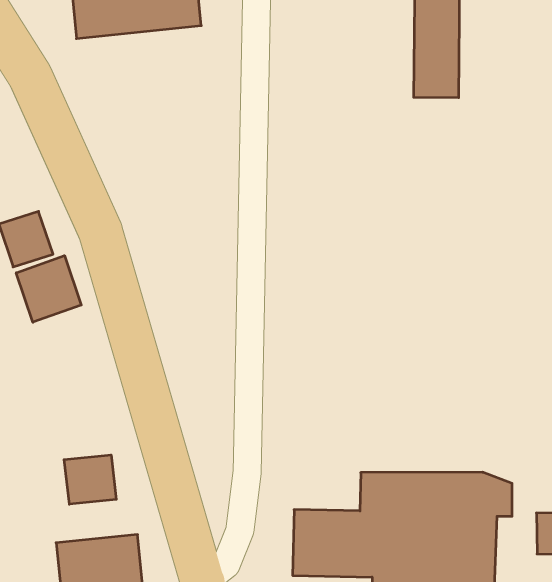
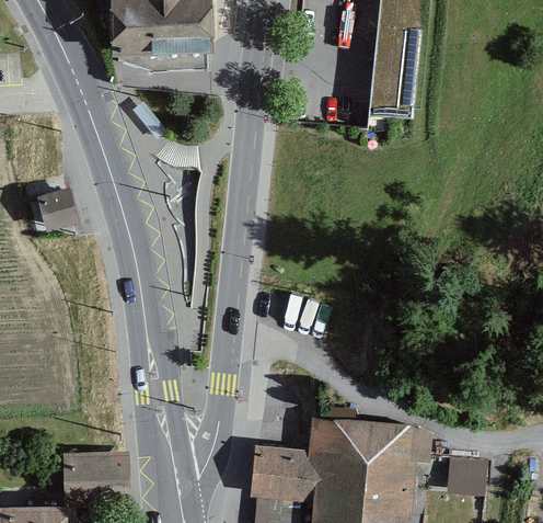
building: [16,256,81,322] -> none
building: [64,455,116,504] -> none

